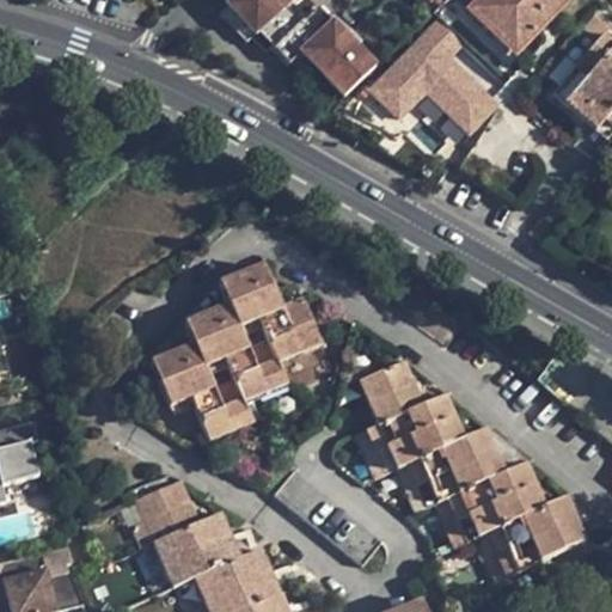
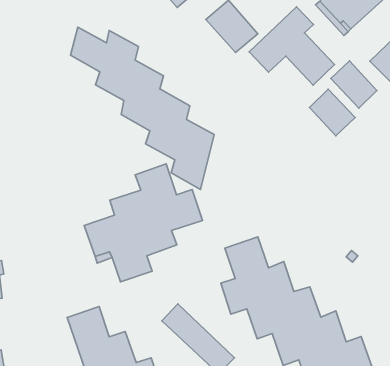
building: none -> [71,27,214,189]
building: none -> [331,61,377,108]
building: none -> [309,89,355,136]

